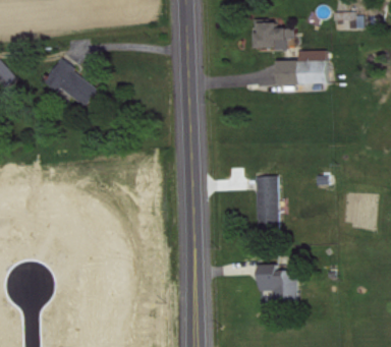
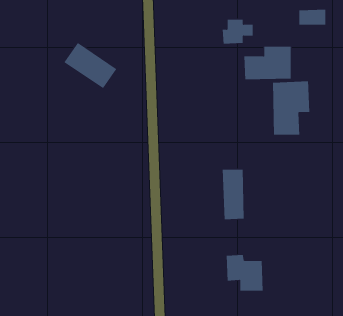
building: [44,61,99,109] -> [64,42,117,89]
building: none -> [272,81,310,136]

